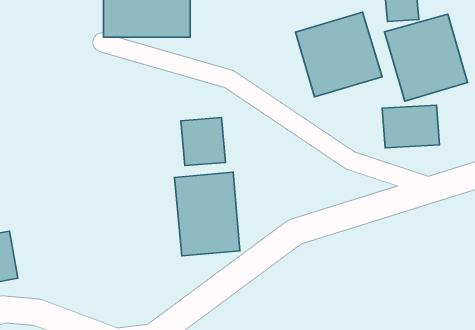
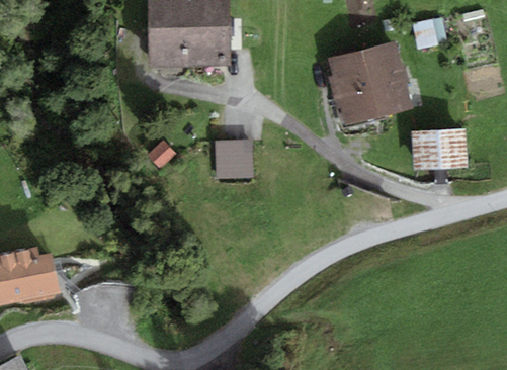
building: [384,14,468,101] -> none
building: [174,172,240,256] -> none

